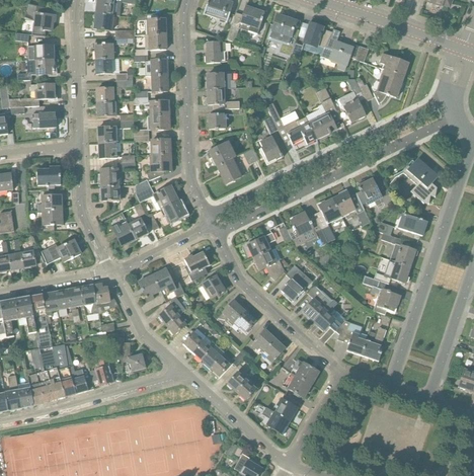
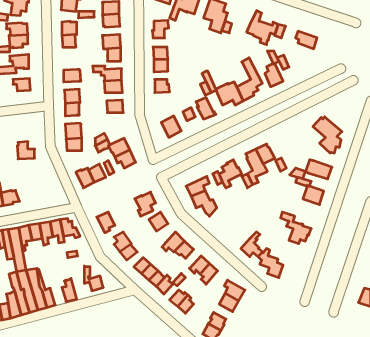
building: [303,22,332,47] -> none
building: [374,68,403,102] -> none
building: [96,79,133,101] -> none
building: [210,138,237,165] -> none
building: [146,153,171,179] -> none
building: [36,165,61,184] -> none
building: [358,177,393,205] -> none
building: [42,209,63,230] -> none
building: [42,239,81,262] -> none
building: [374,258,410,283] -> none
building: [281,264,306,300] -> none
building: [152,267,184,296] -> none
building: [303,284,326,319] -> none
building: [361,326,386,360] -> none

